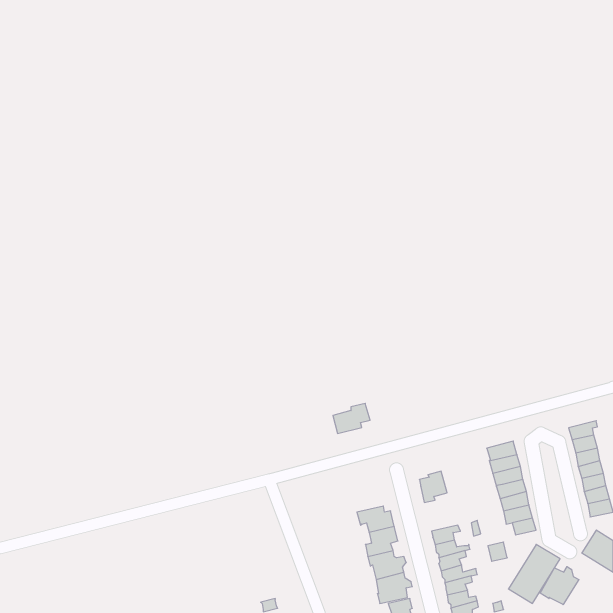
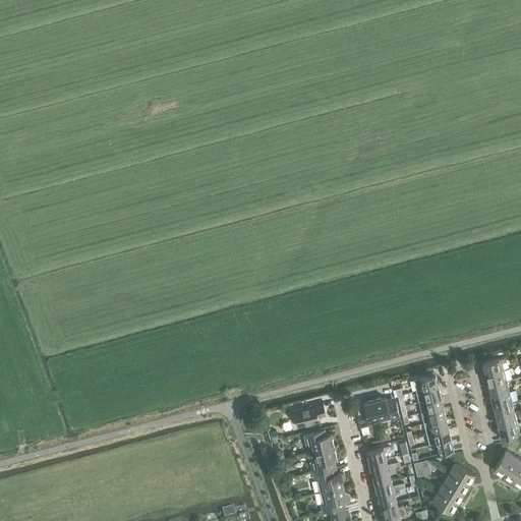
building: [333,403,370,433] -> [293,401,325,426]
building: none -> [373,397,398,419]
building: [540,567,579,605] -> none

